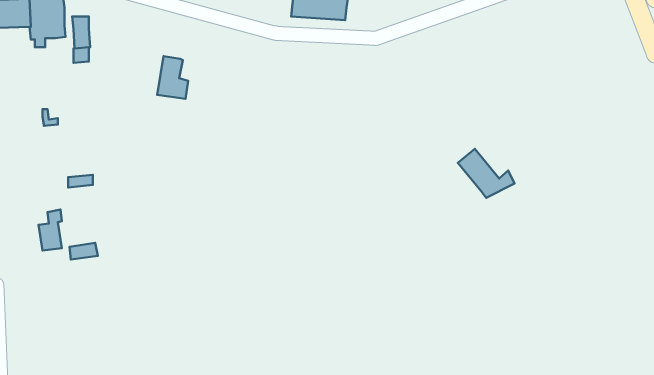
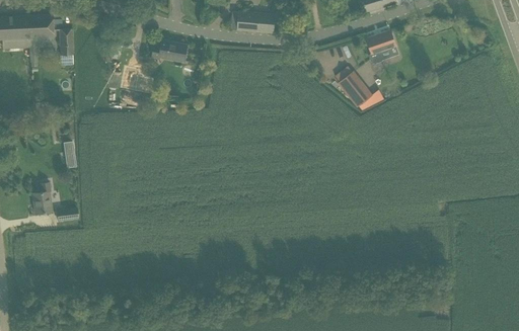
building: none -> [366,31,395,64]
building: none -> [150,40,187,62]
building: [458,149,515,198] -> [339,72,383,110]

